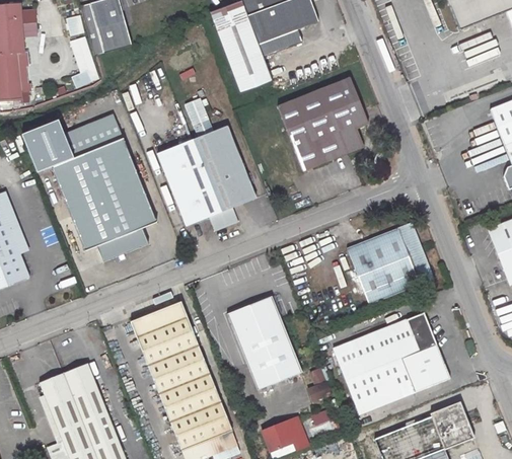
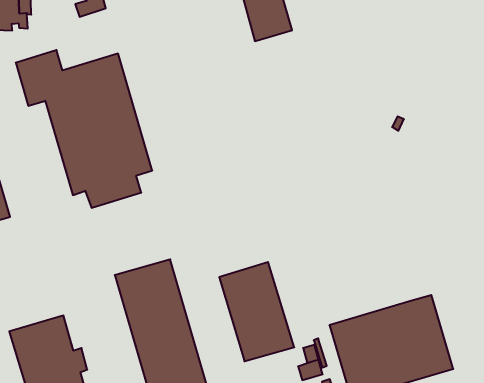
building: [277,77,368,170] -> none
building: [157,98,255,231] -> none
building: [347,222,434,304] -> none

